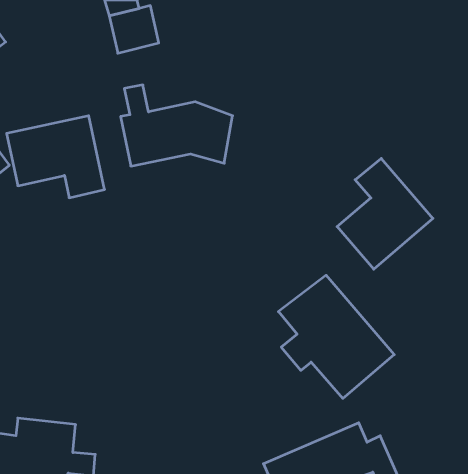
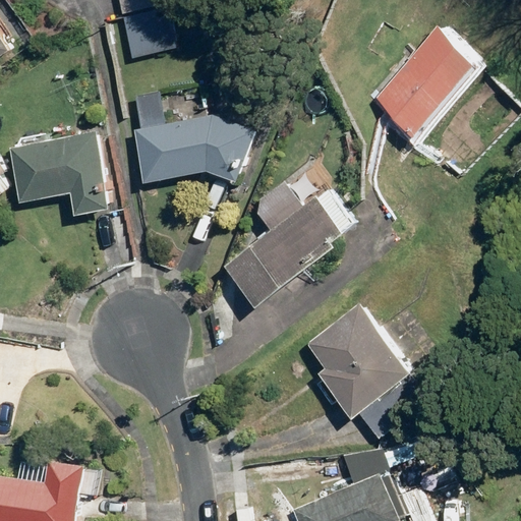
building: none -> [367,20,486,141]
building: [337,158,433,269] -> none
building: none -> [223,182,354,310]

